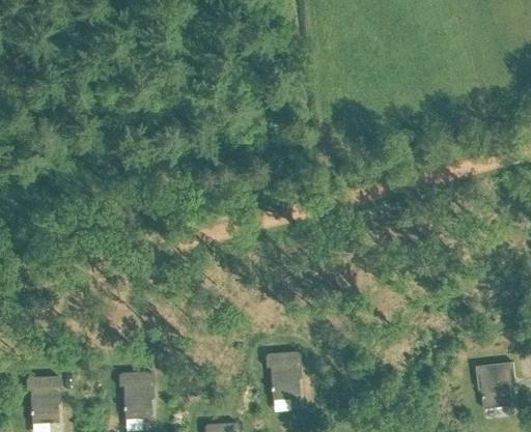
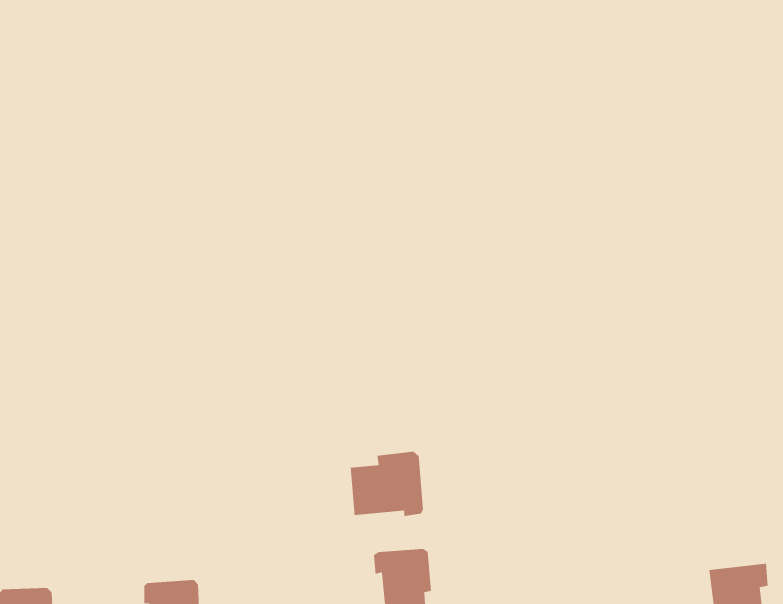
building: none -> [350,451,424,517]

